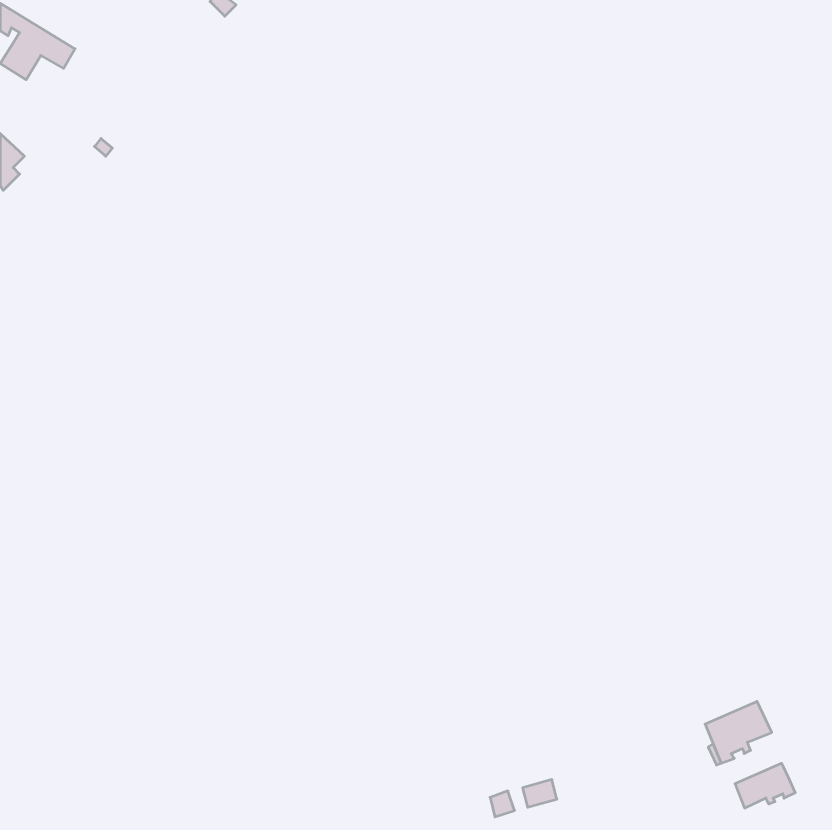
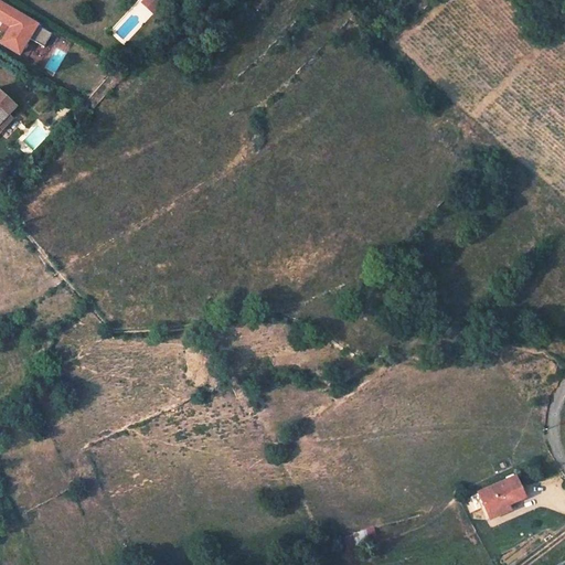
building: [735,763,795,808] -> none

